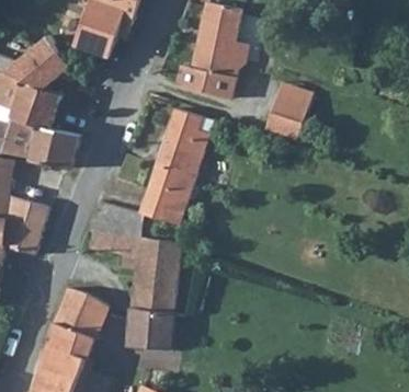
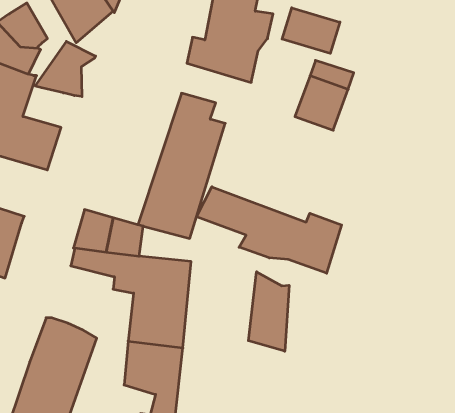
building: none -> [282,8,340,53]
building: none -> [35,41,96,97]
building: none -> [196,187,342,273]
building: none -> [248,272,289,351]

